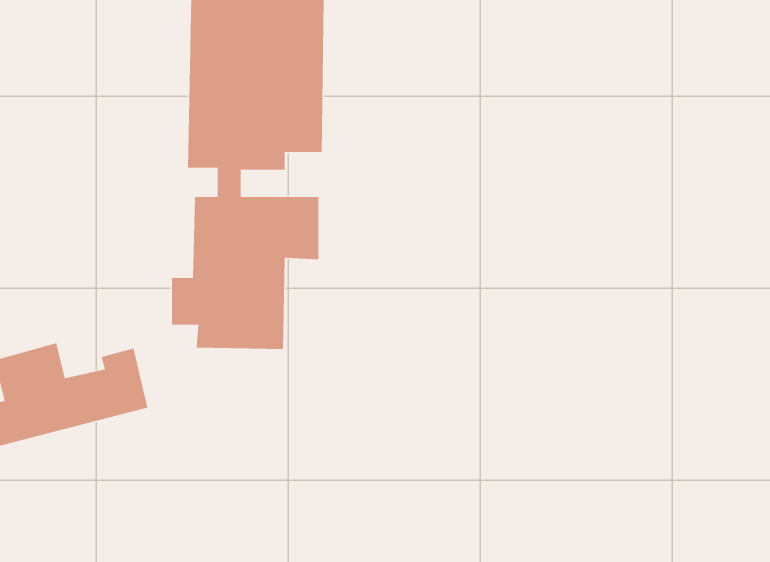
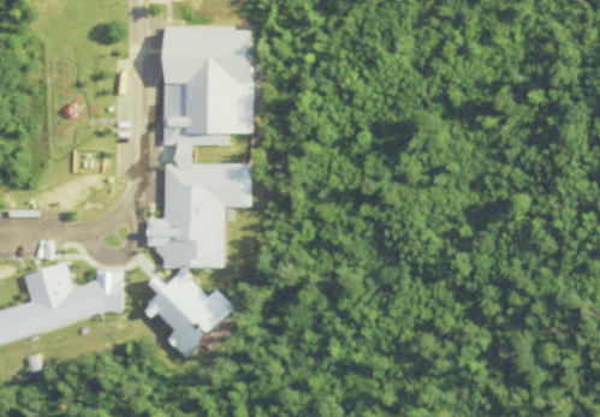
building: none -> [152,266,242,358]

